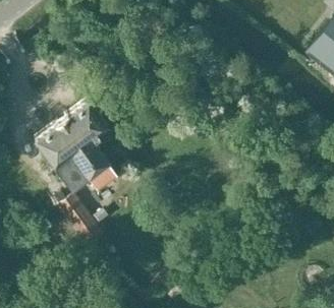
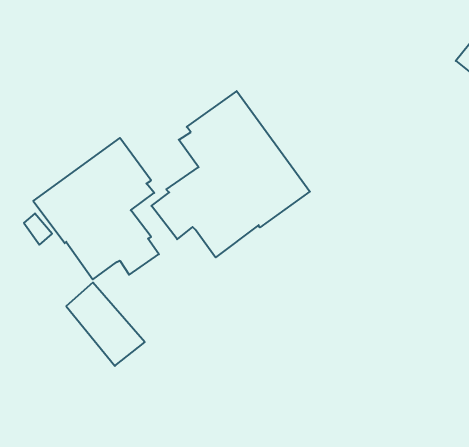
building: none -> [151,91,310,257]

